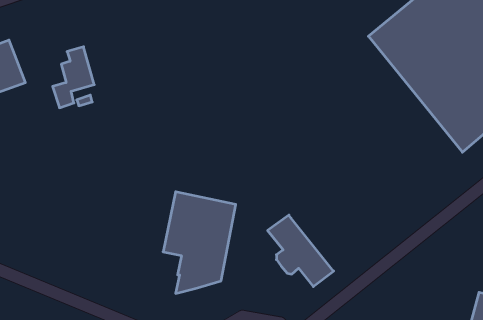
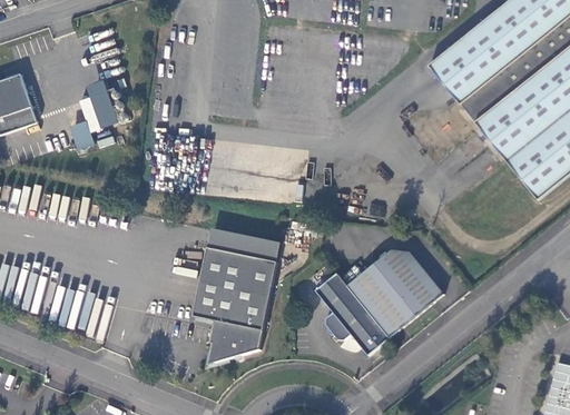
building: none -> [208,225,282,260]
building: none -> [341,249,444,337]

